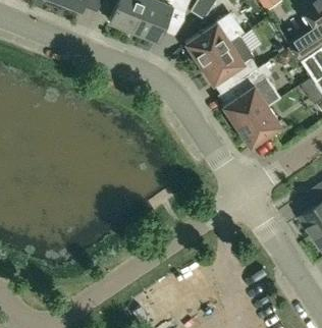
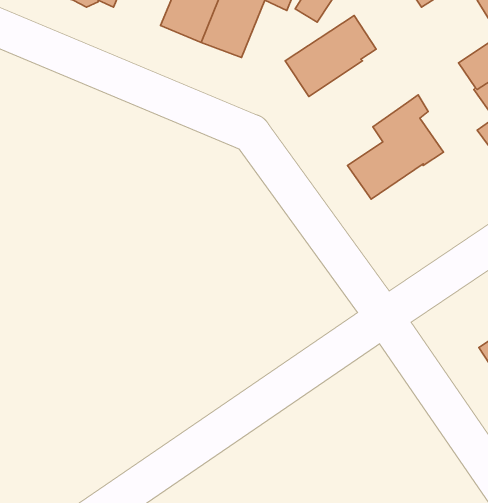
building: [198,37,257,86] -> none
building: [235,106,281,149] -> none

